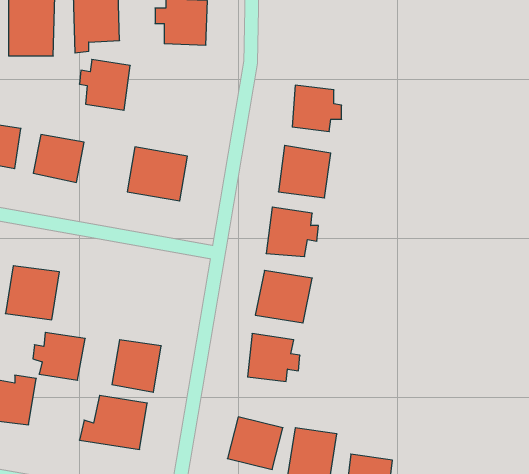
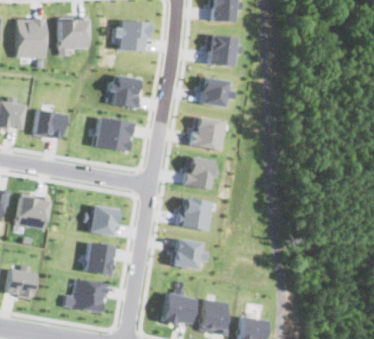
building: none -> [206,35,236,66]
building: [79,59,130,110] -> [109,75,142,108]
building: [33,332,85,380] -> [85,205,119,236]

